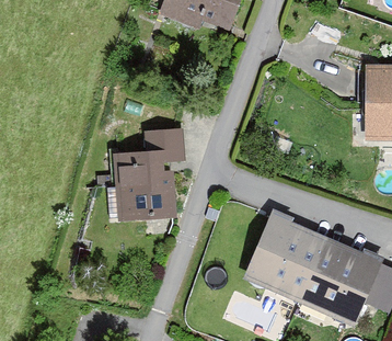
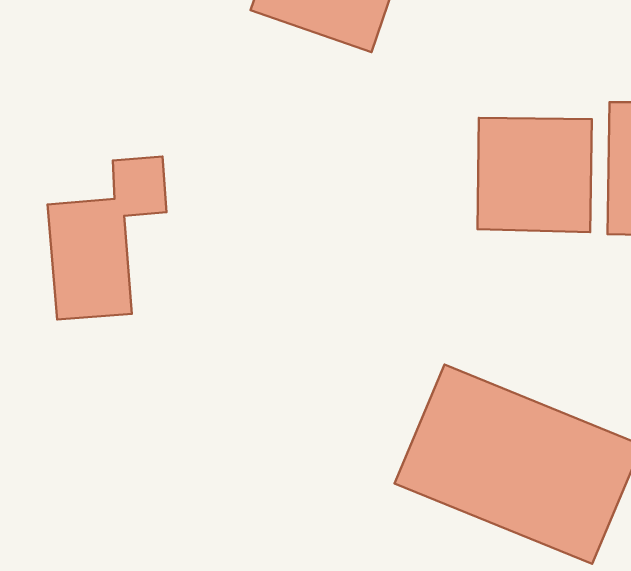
building: none -> [477,118,592,232]
building: [118,126,186,219] -> [47,157,166,319]

